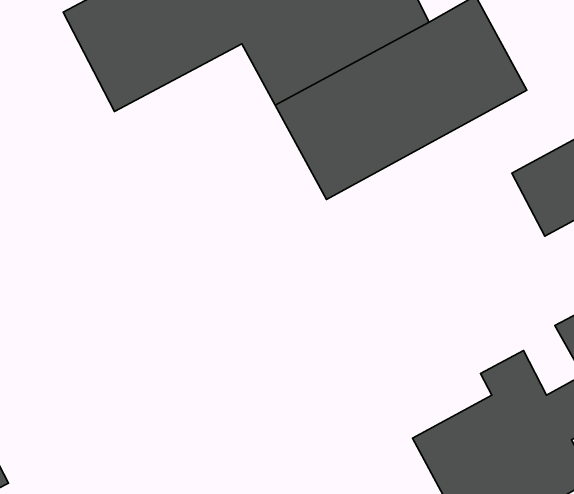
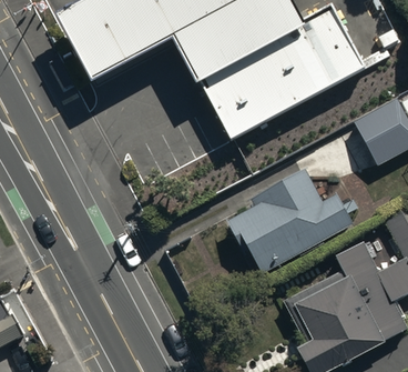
building: none -> [225,167,351,275]

